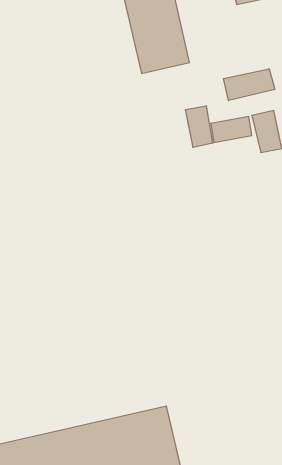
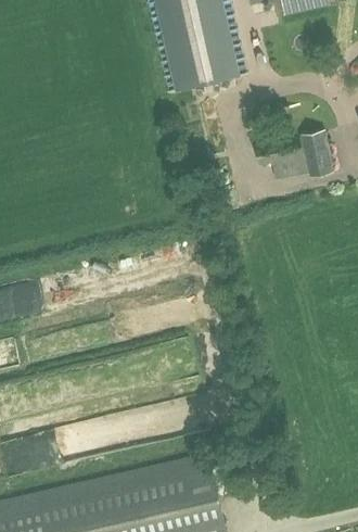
building: [223,69,275,101] -> none
building: [185,106,213,148] -> none

